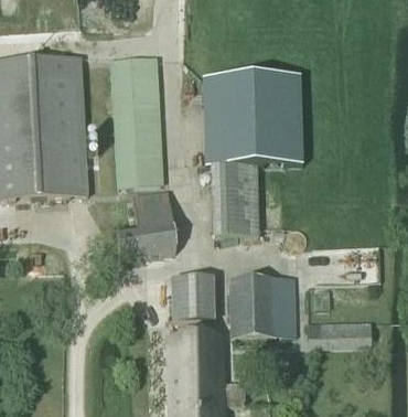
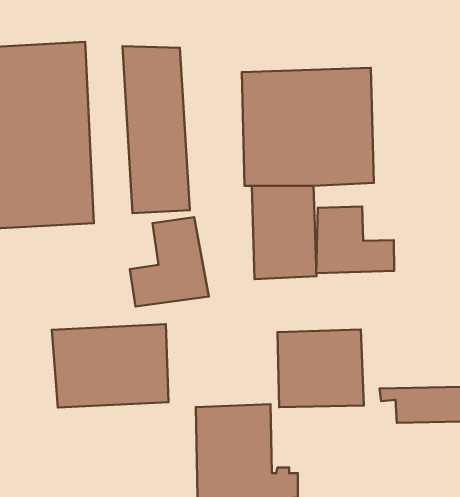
building: none -> [316,207,394,273]
building: none -> [52,324,169,407]
building: [170,274,215,320] -> none

